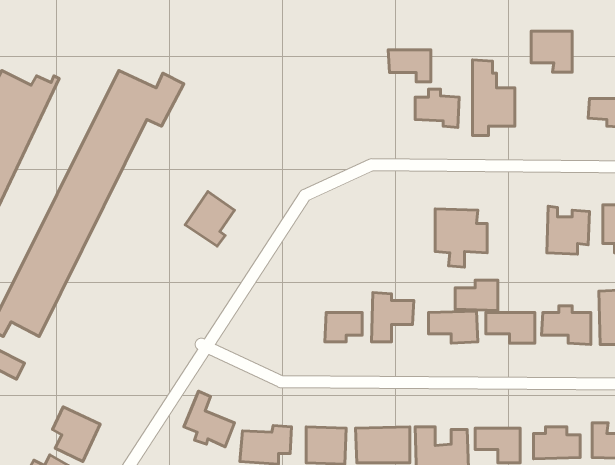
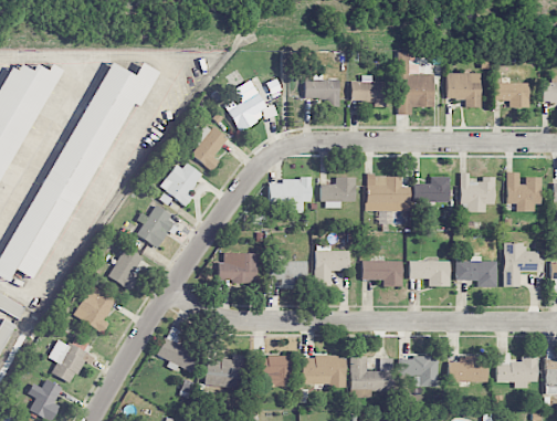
building: [531,31,572,72] -> [448,73,482,107]
building: [388,50,431,82] -> [305,80,340,106]
building: none -> [227,80,266,131]
building: none -> [191,123,228,171]
building: none -> [323,177,357,208]
building: none -> [269,178,312,210]
building: none -> [137,204,176,248]
building: [455,280,498,311] -> [414,177,450,202]
building: none -> [109,245,144,290]
building: none -> [219,252,258,283]
building: none -> [74,285,117,333]

